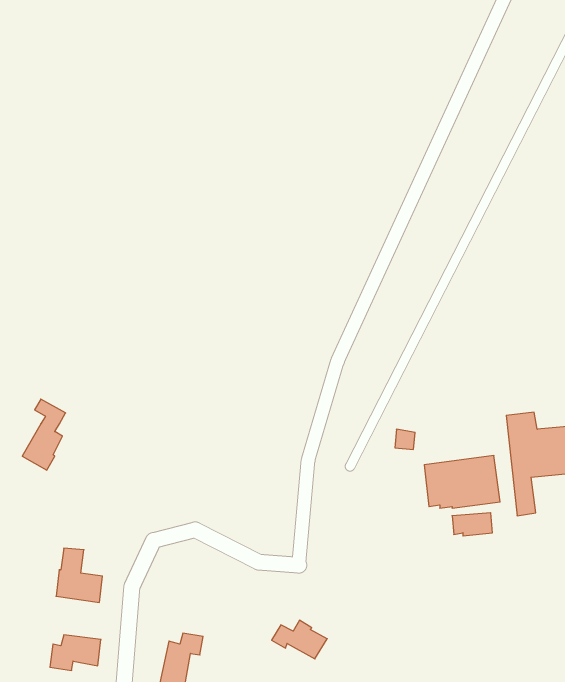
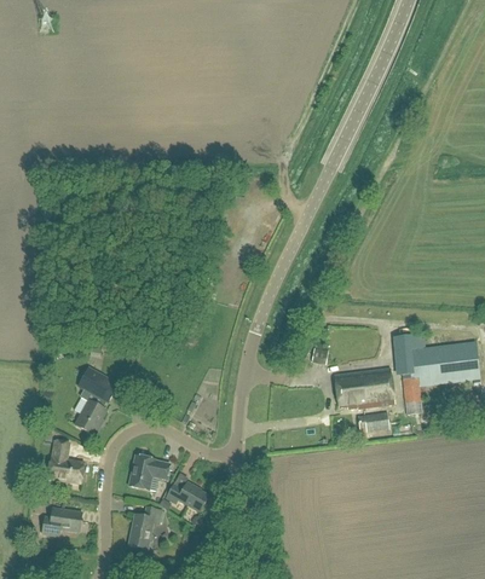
building: [22,399,66,470] -> [75,378,109,434]
building: none -> [128,453,169,488]
building: [272,620,327,659] -> [166,480,209,510]

